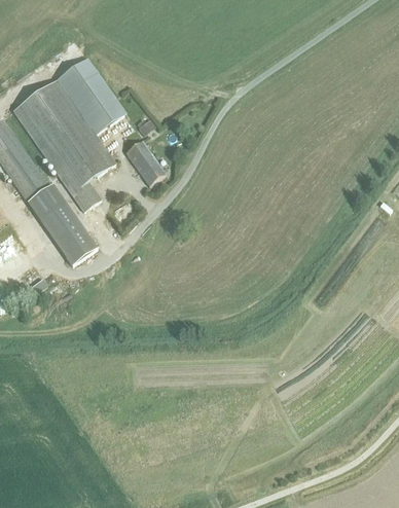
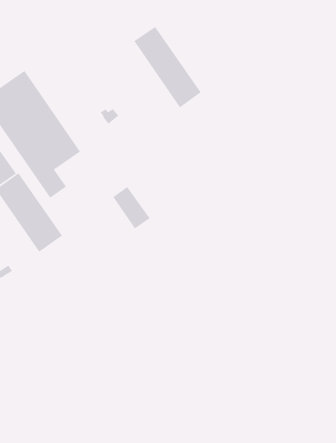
building: [58,62,128,146] -> [133,26,202,108]
building: [125,140,165,184] -> [112,186,151,229]

